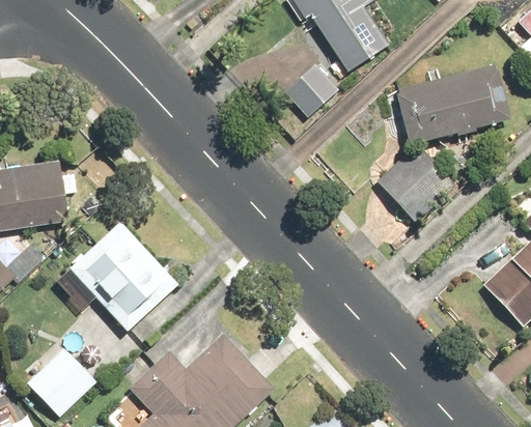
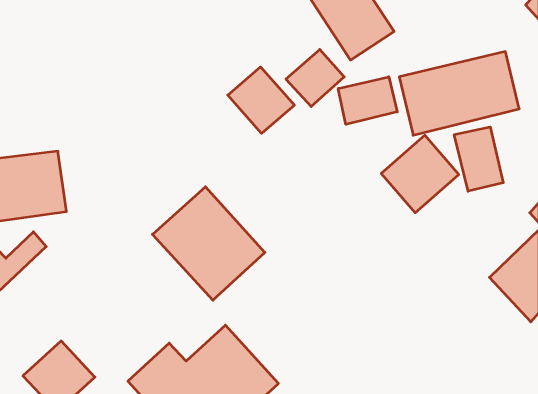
building: none -> [228,67,294,133]
building: none -> [338,77,397,124]
building: none -> [454,127,503,191]
building: [68,222,178,333] -> [152,187,265,300]

